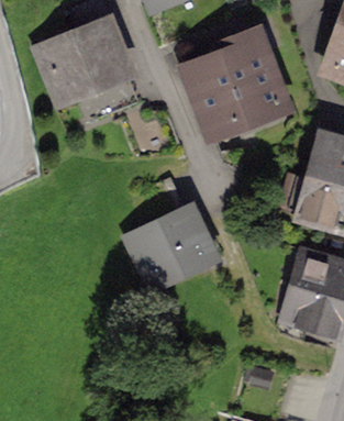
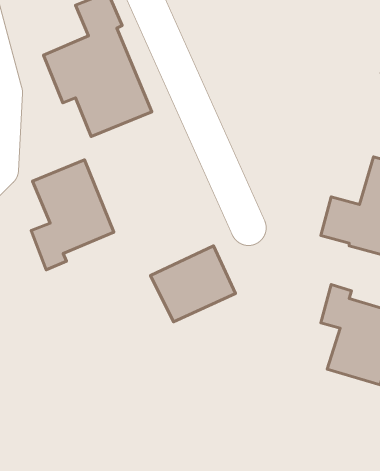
building: [190,33,281,131] -> none
building: none -> [31,160,114,270]

